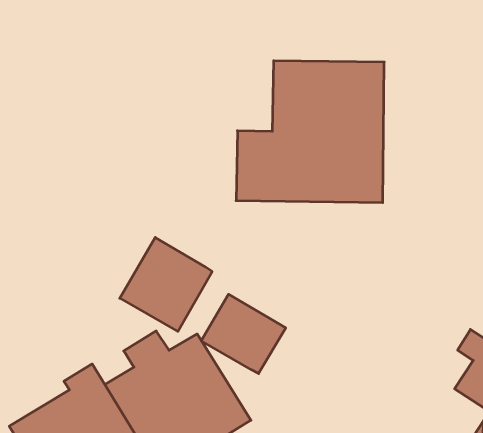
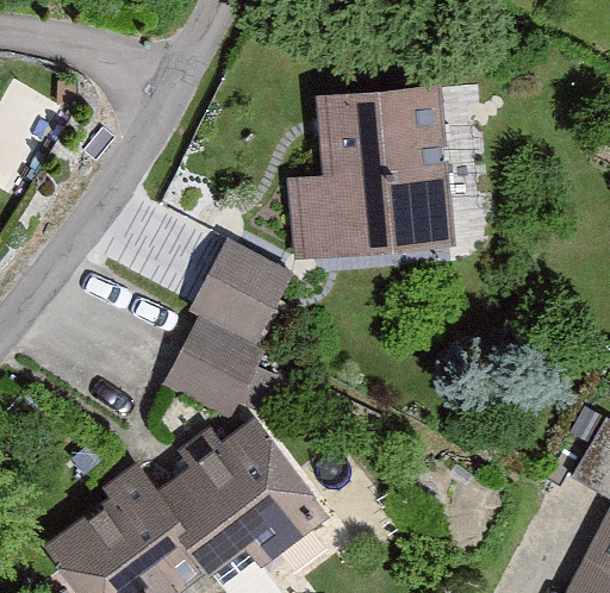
building: none -> [191,238,297,343]
building: [201,294,286,374] -> none

